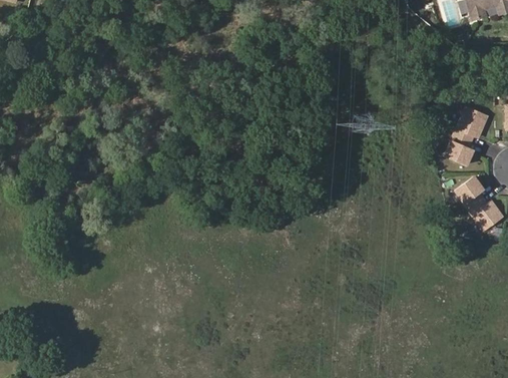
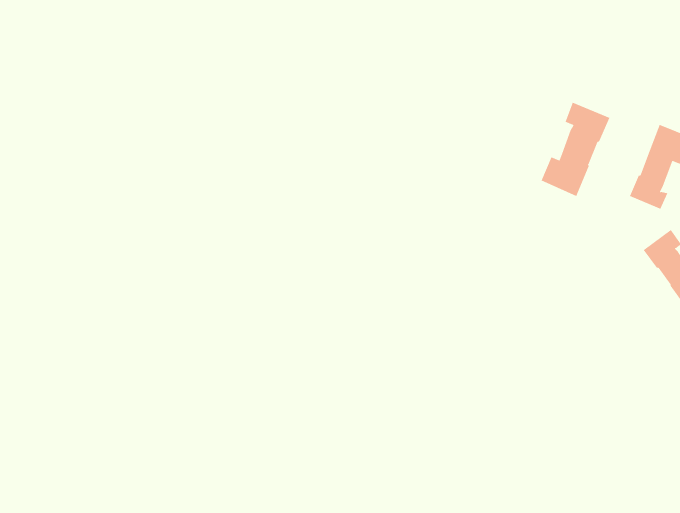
building: none -> [541,102,610,197]

